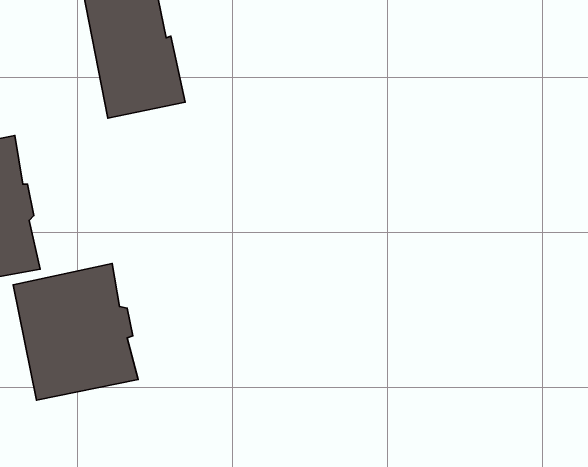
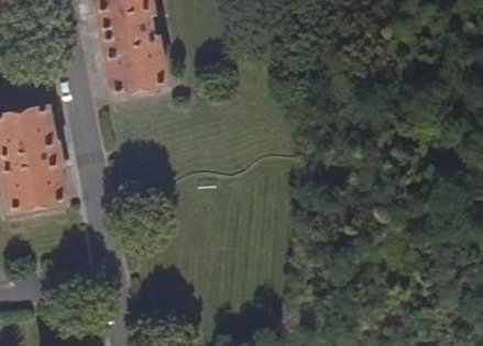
building: [13,264,138,400] -> none

